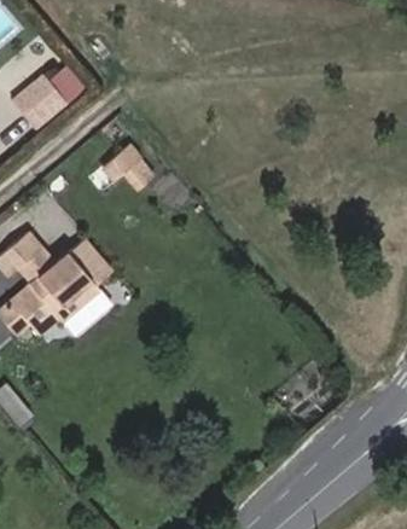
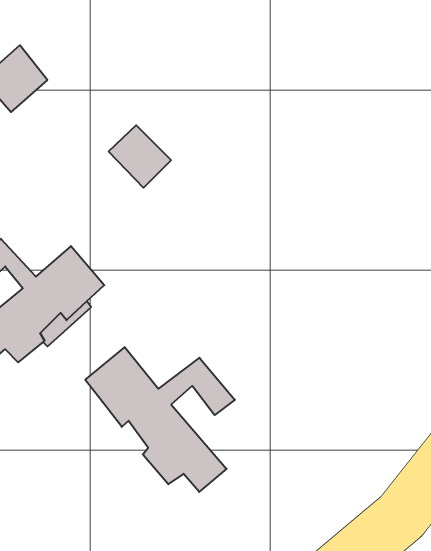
building: none -> [85,347,235,492]

